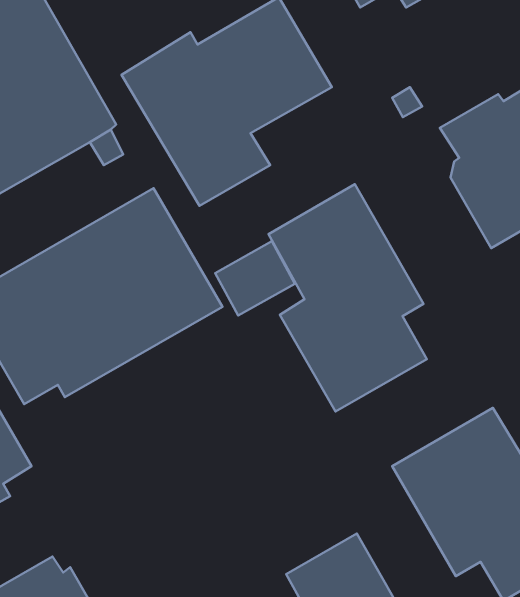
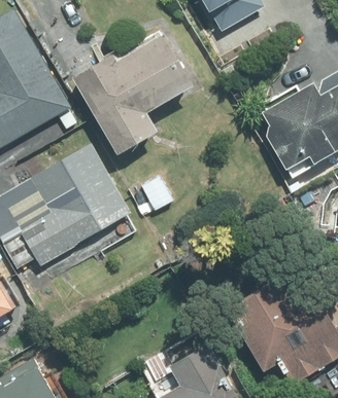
building: [268,184,427,411] -> none

